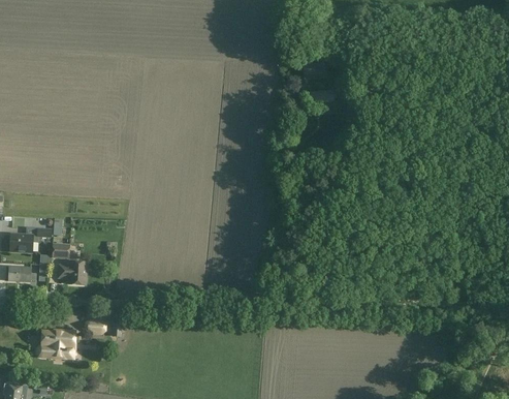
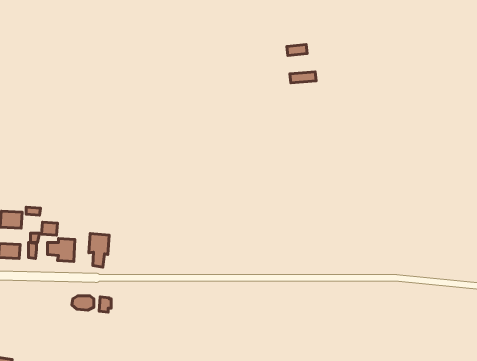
building: none -> [89,233,109,267]
building: [36,330,74,358] -> none

